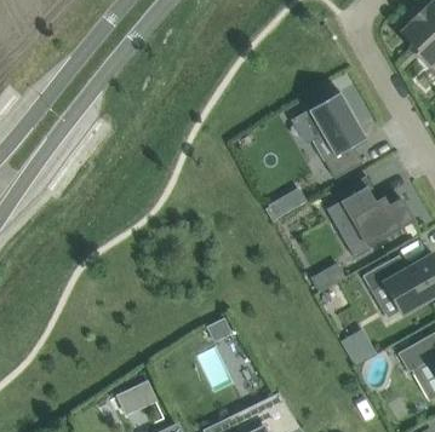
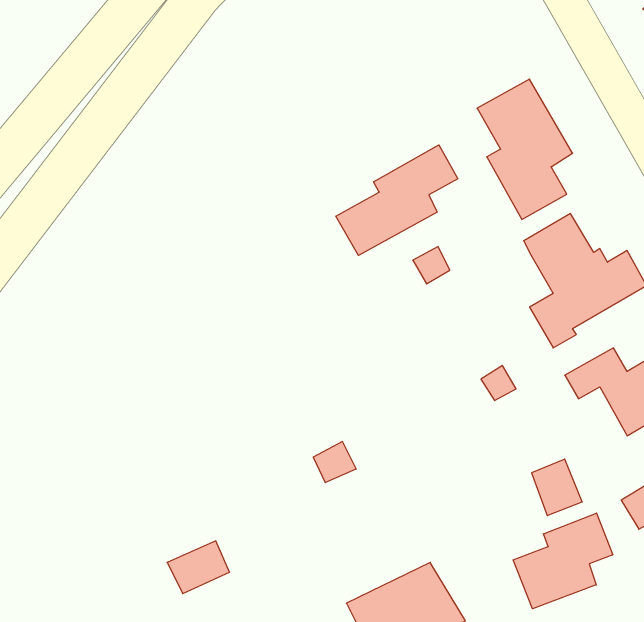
building: none -> [336,145,458,255]
building: none -> [513,513,613,609]

